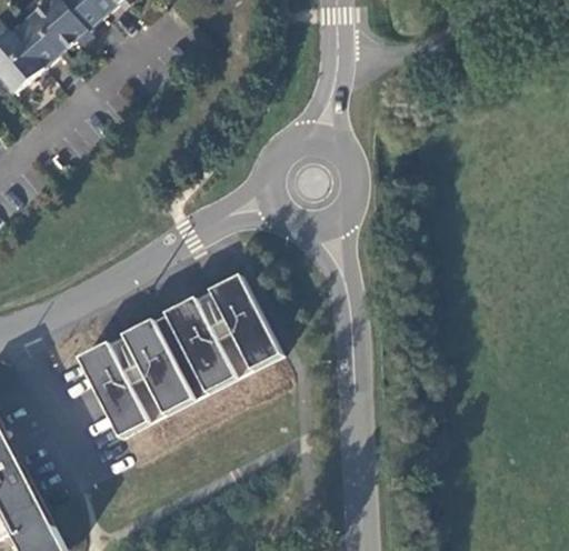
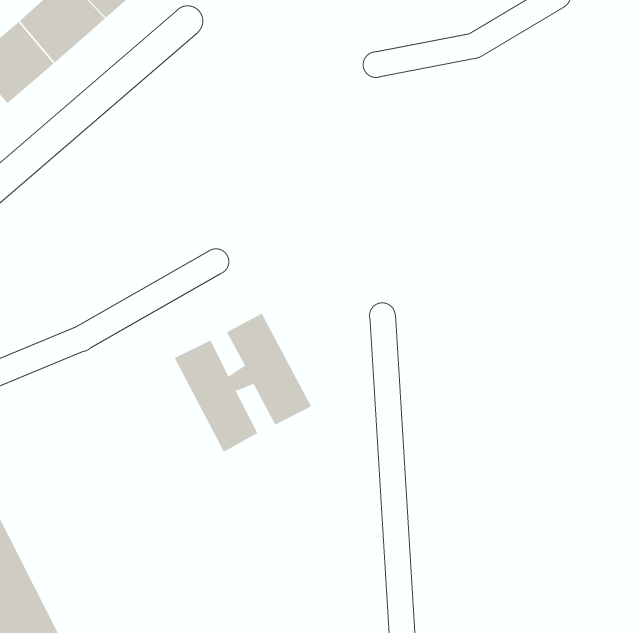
building: [76,317,193,439] -> none

